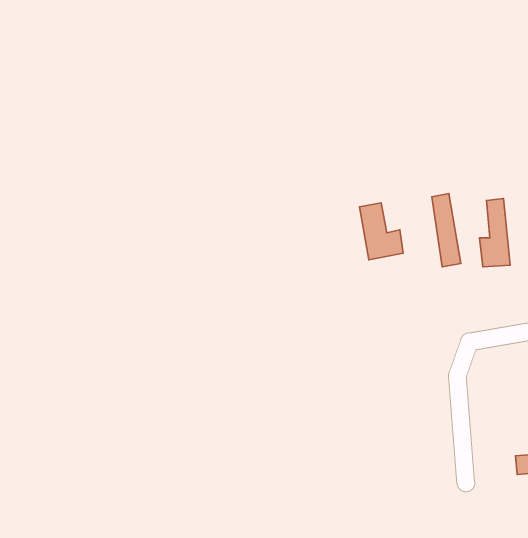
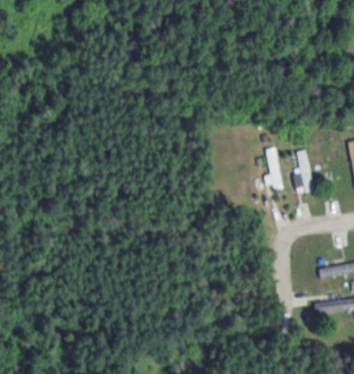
building: [360,203,403,260] -> none

